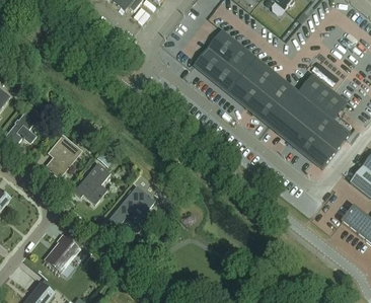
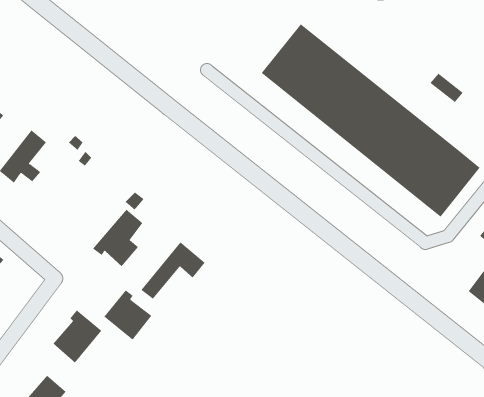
building: [299,75,347,119] -> none
building: [45,134,82,178] -> none
building: none -> [103,289,152,341]

